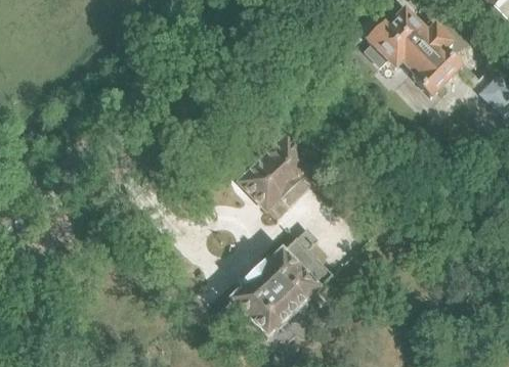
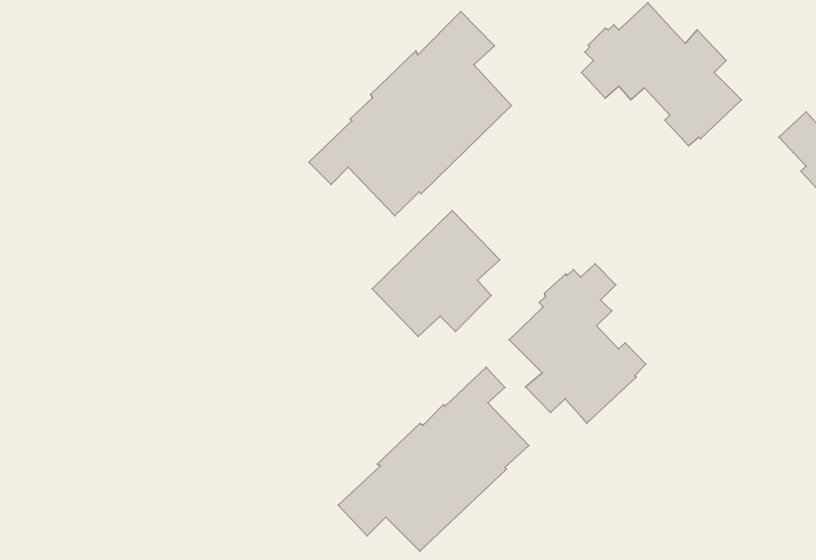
building: none -> [309,11,511,216]
building: none -> [509,264,646,423]

